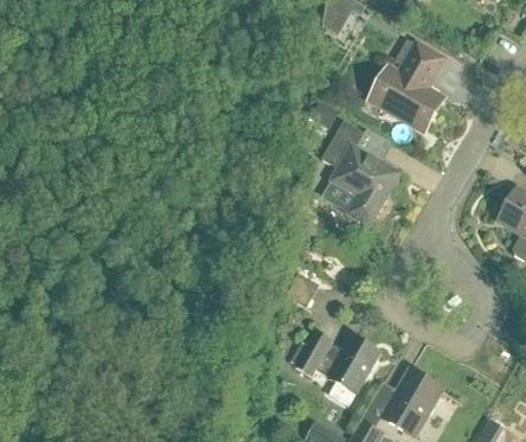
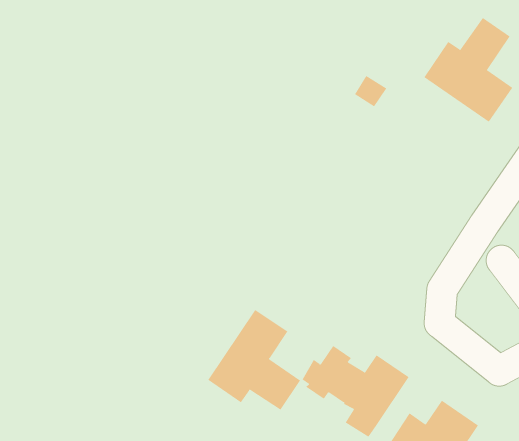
building: [321,120,399,225] -> none
building: none -> [208,309,301,411]

